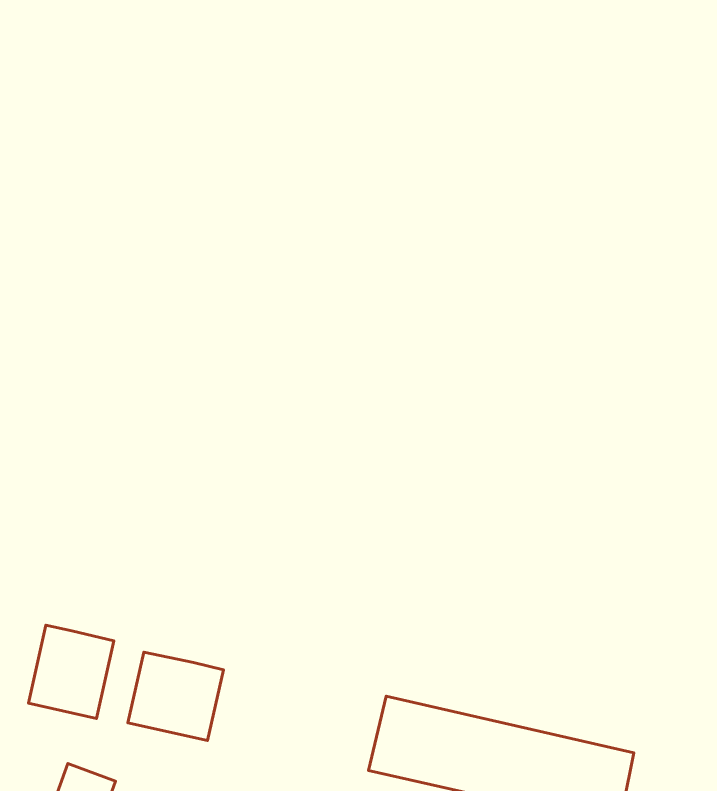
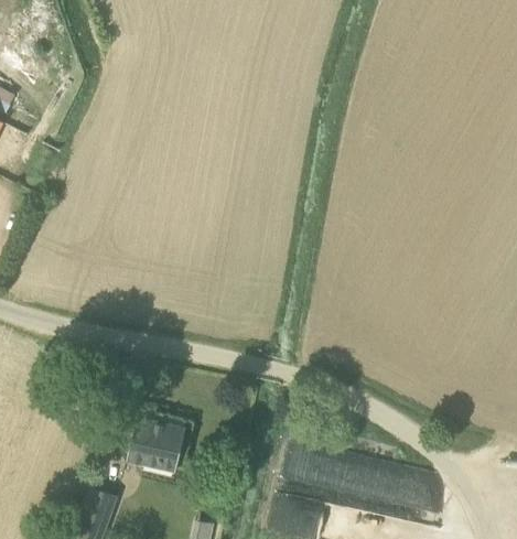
building: [28,625,114,719] -> none

